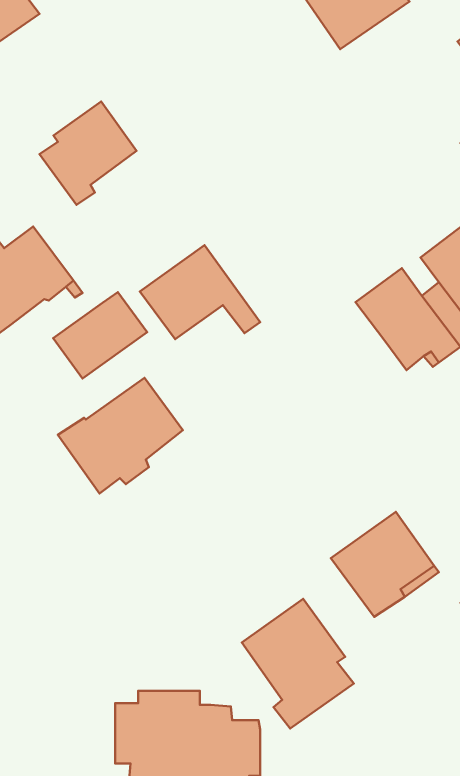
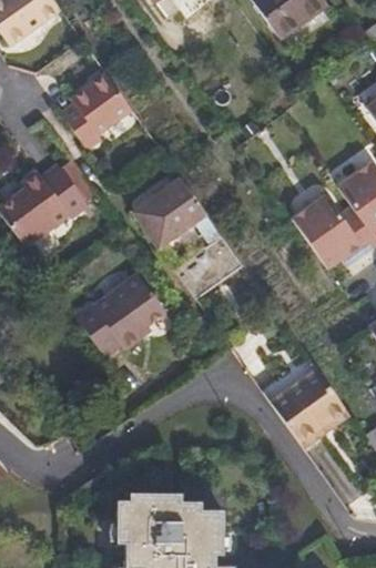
building: [53,292,147,378] -> [174,233,242,295]
building: [242,599,354,729] -> none

